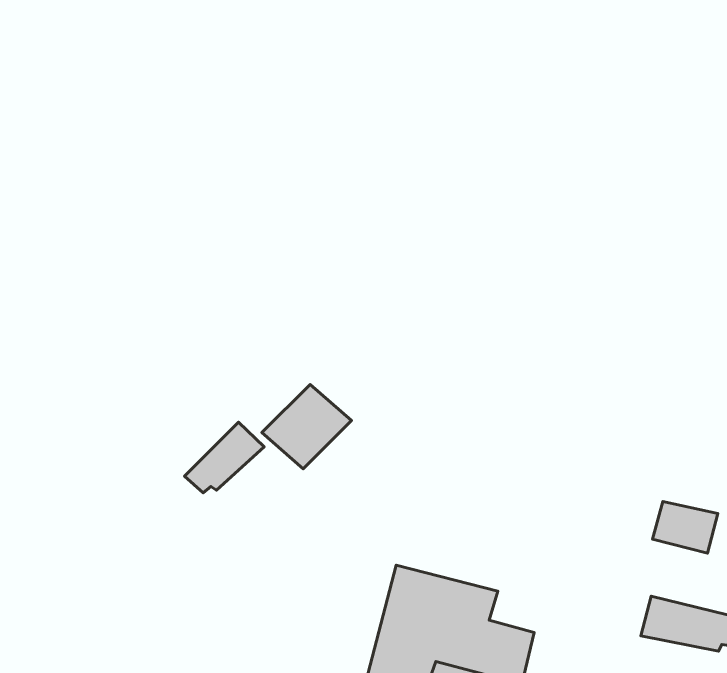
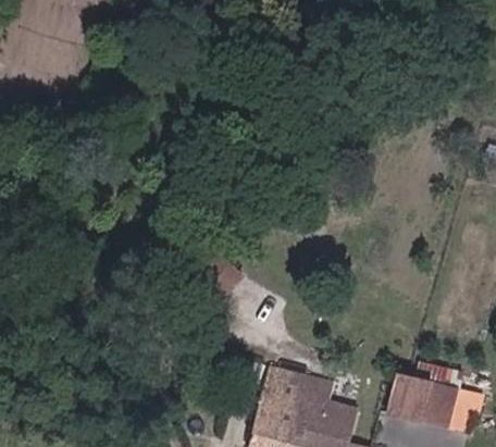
building: [185,422,264,493] -> none
building: [652,501,718,553] -> [389,378,431,411]

